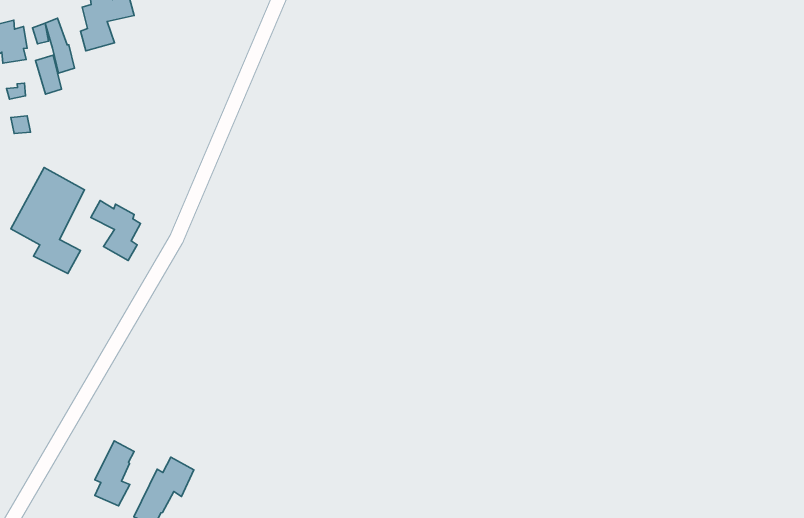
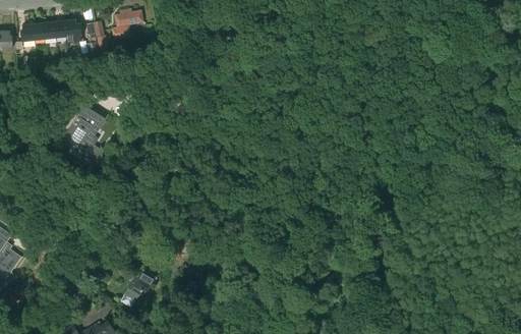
building: [91,200,140,261] -> none
building: [95,441,134,506] -> none

